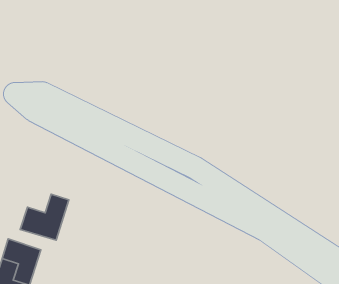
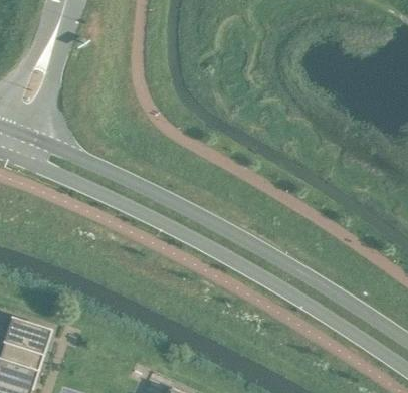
building: [20,194,69,240] -> none

